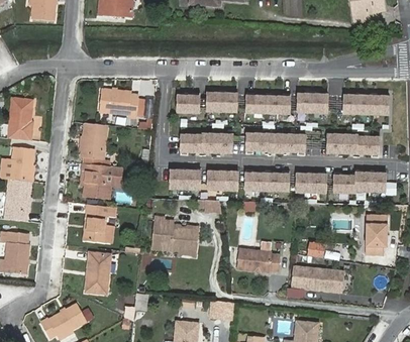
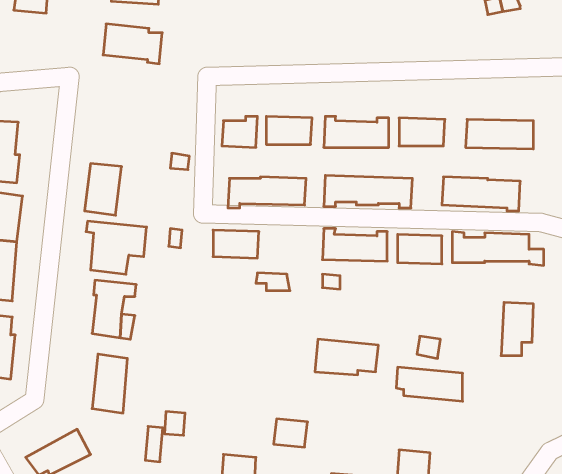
building: [98,93,138,120] -> [103,24,162,64]
building: [205,172,236,191] -> none
building: [153,217,198,250] -> none

